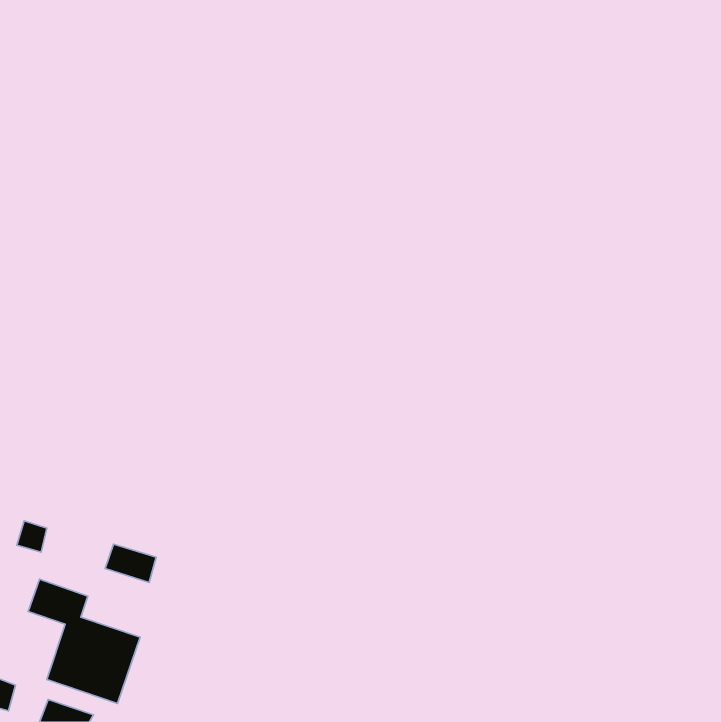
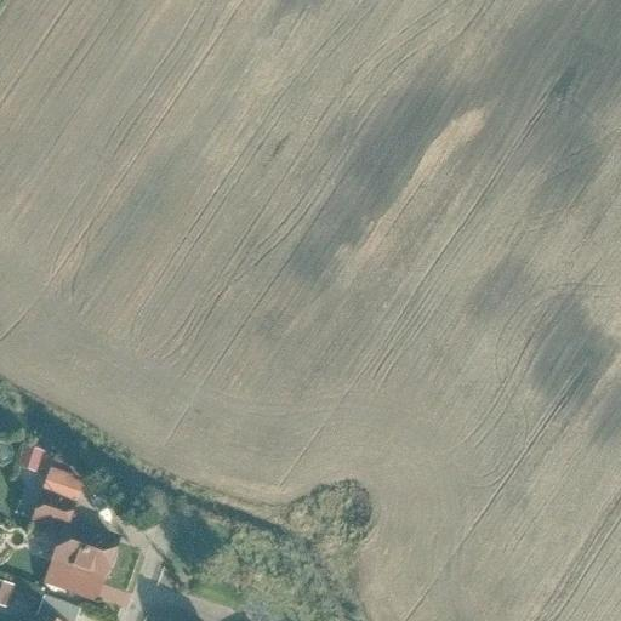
building: [105,544,156,583] -> [41,467,85,500]

